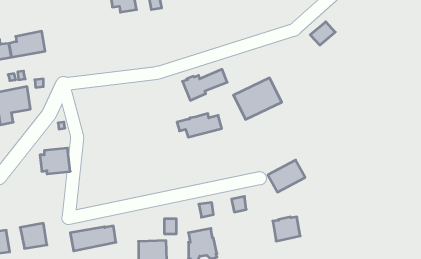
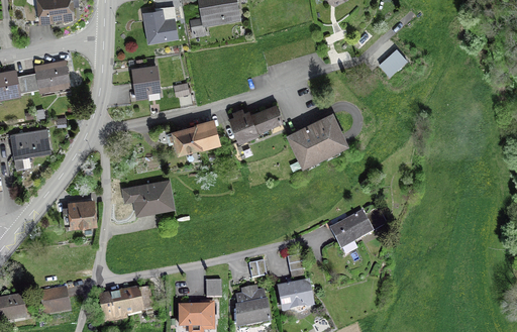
building: none -> [133,65,159,97]
building: [177,114,222,137] -> [166,124,218,151]
building: none -> [132,182,171,213]
building: [273,217,300,241] -> [279,283,311,311]

